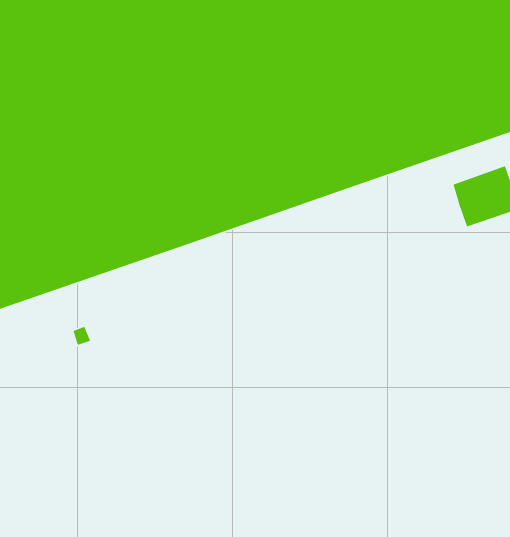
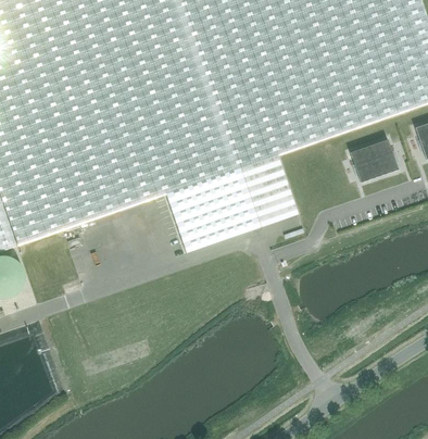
building: none -> [165,154,298,252]

